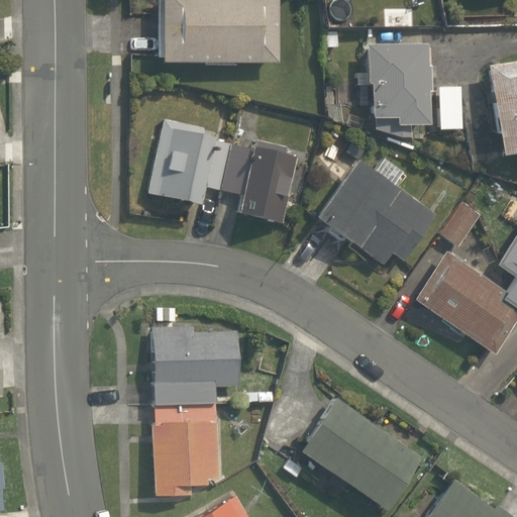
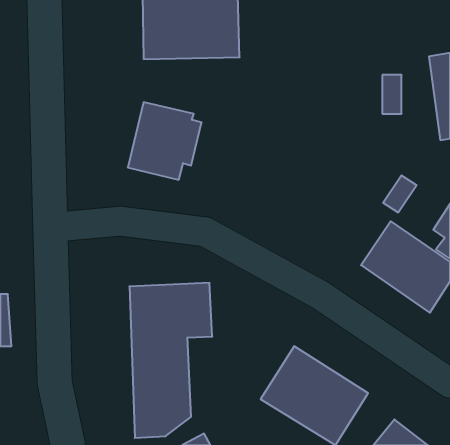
building: [369,35,436,130] -> none
building: [219,138,296,224] -> none
building: [316,161,435,268] -> none

